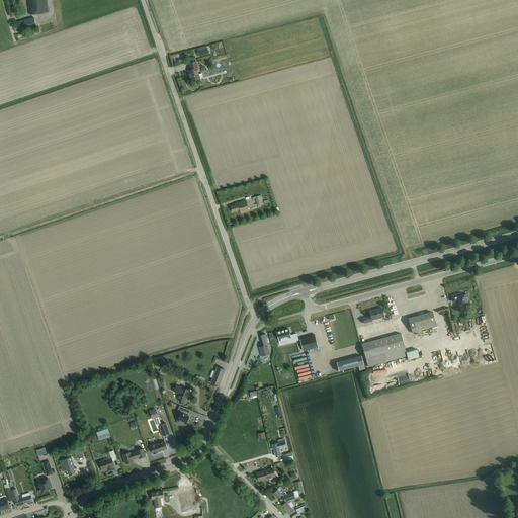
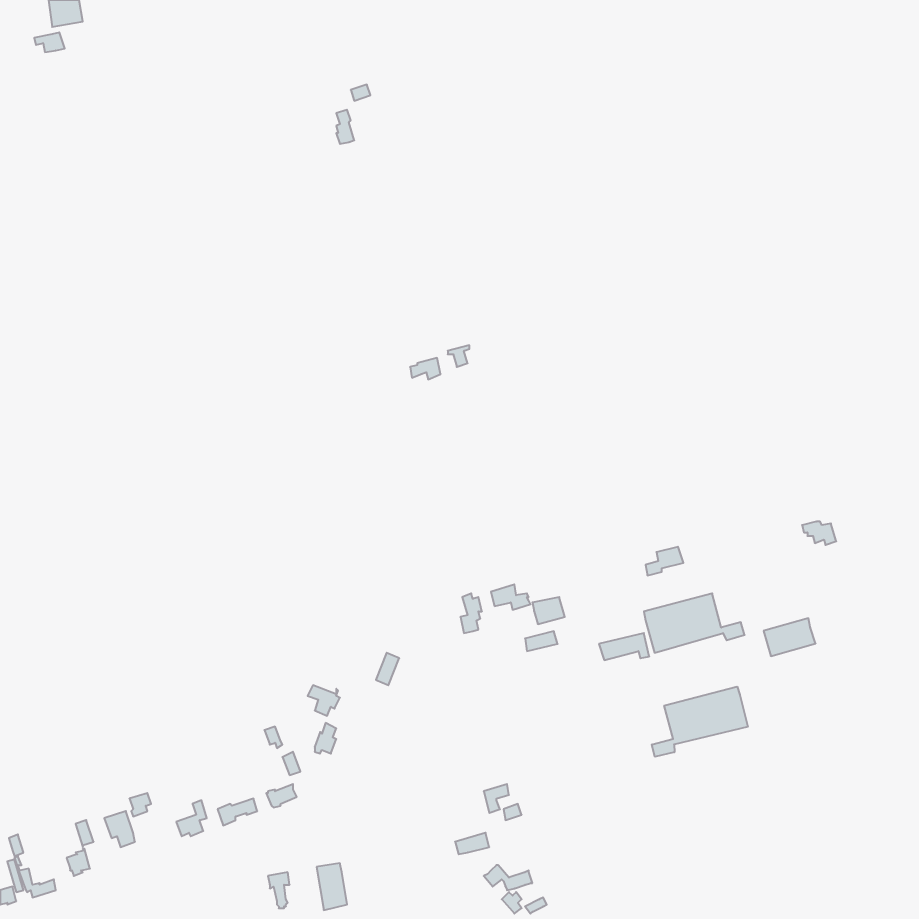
building: [408,312,437,333] -> [764,618,816,656]
building: none -> [652,687,748,757]

